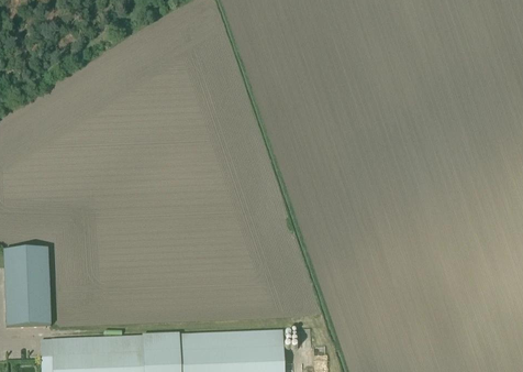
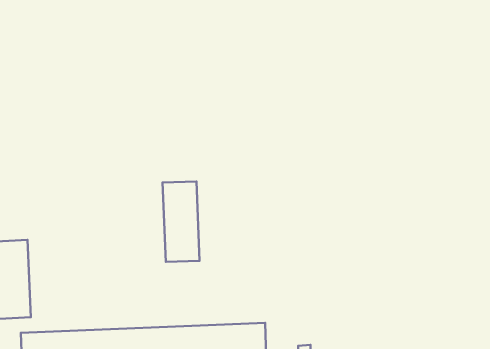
building: none -> [163,182,200,262]

